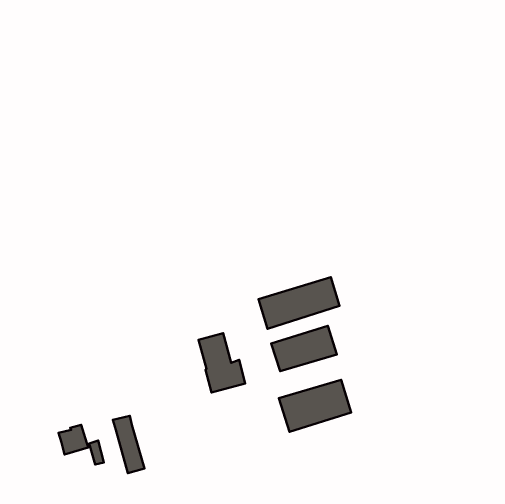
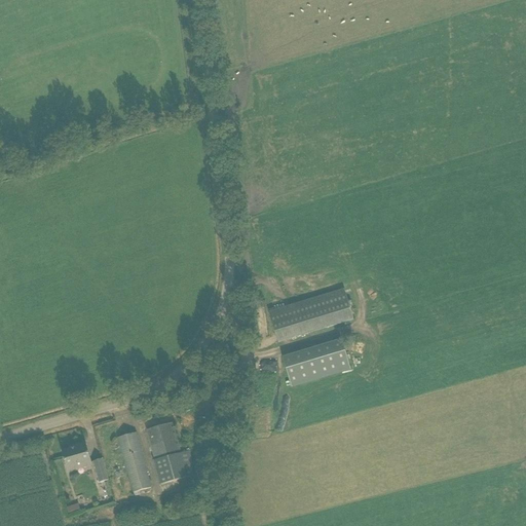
building: [199,333,245,392] -> [146,421,194,483]
building: [279,380,351,432] -> none

